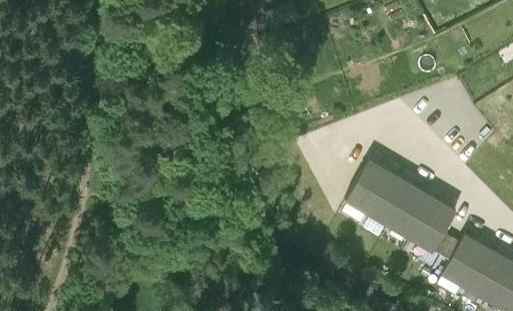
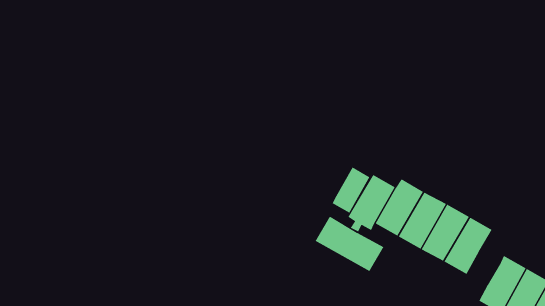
building: none -> [332,167,370,214]
building: none -> [315,216,384,272]
building: [438,235,468,265] -> none

